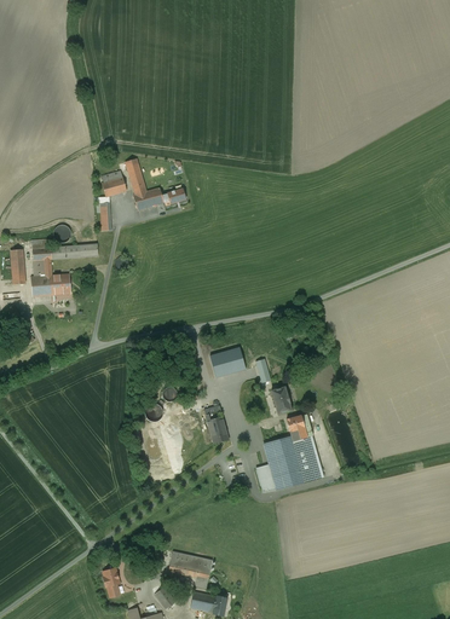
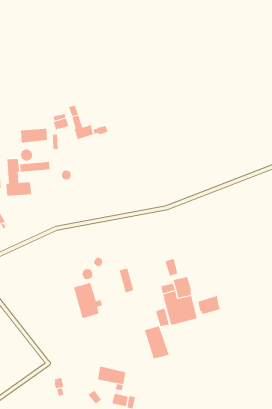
building: none -> [21,128,48,143]
building: [210,347,246,377] -> none
building: none -> [198,295,221,315]
building: none -> [144,326,169,360]

